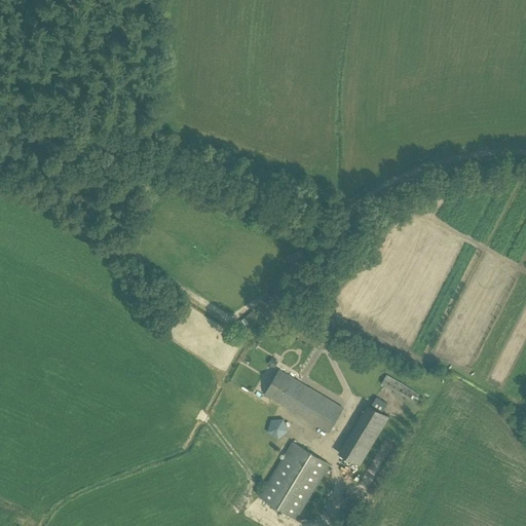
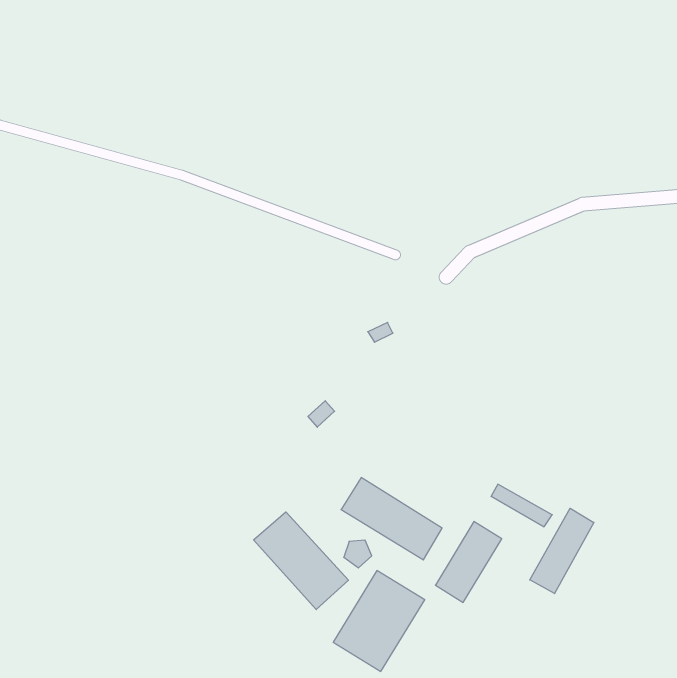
building: none -> [530,508,594,594]
building: none -> [254,512,348,610]

